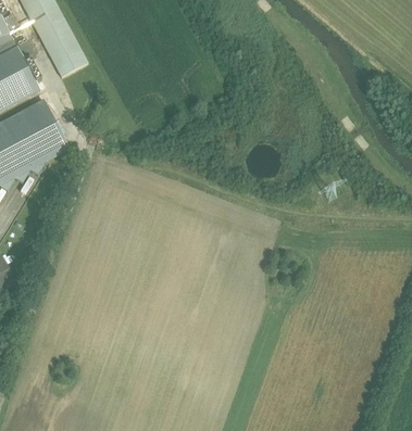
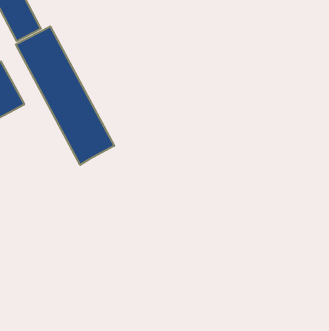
building: none -> [16,26,114,165]

